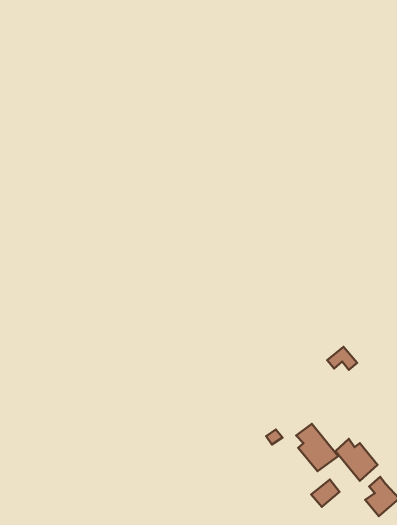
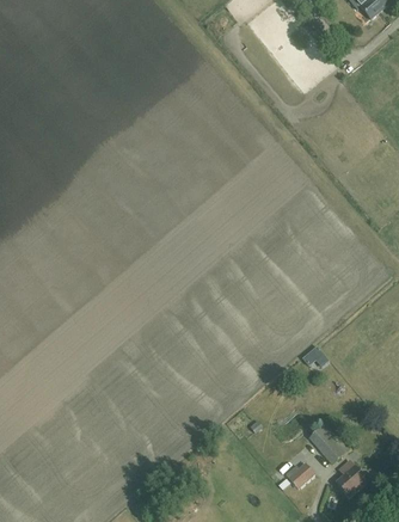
building: [296,424,338,471] -> none

